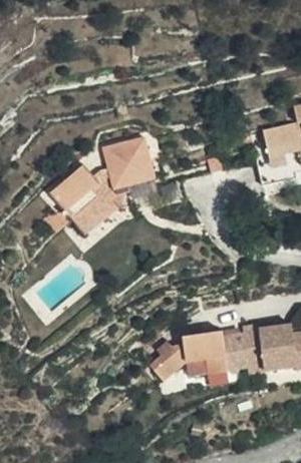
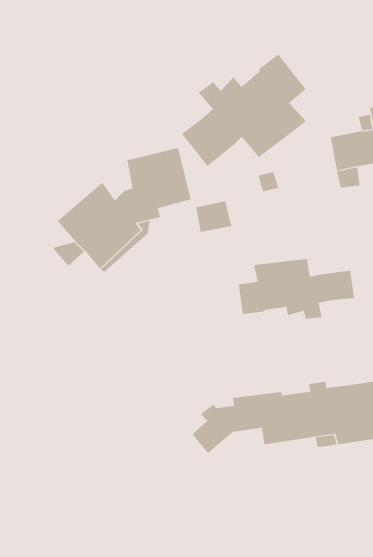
building: none -> [181,54,307,167]
building: none -> [238,258,355,320]

